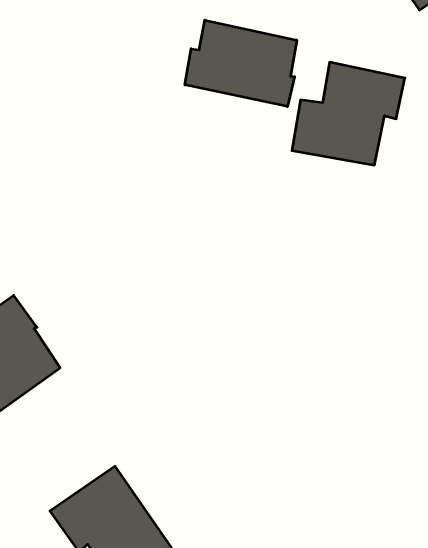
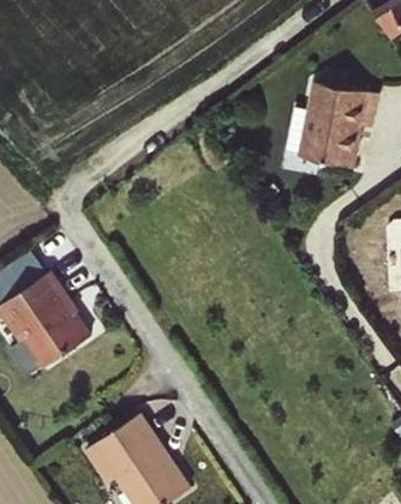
building: [185,20,297,107] -> none

